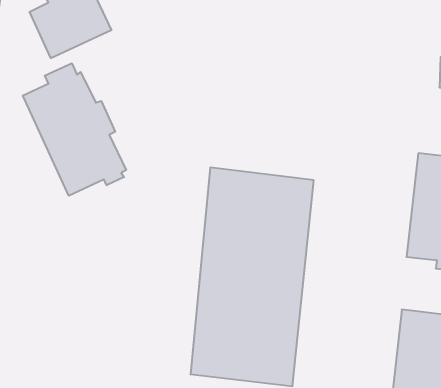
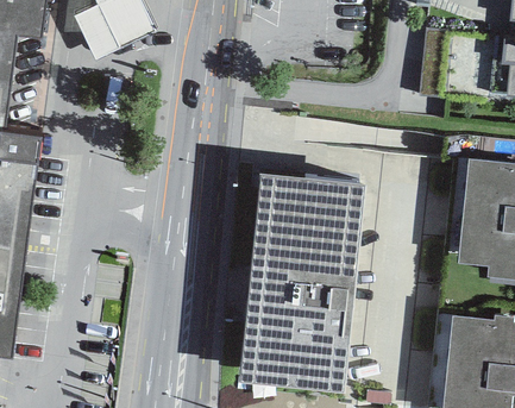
building: [23,63,126,196] -> none

